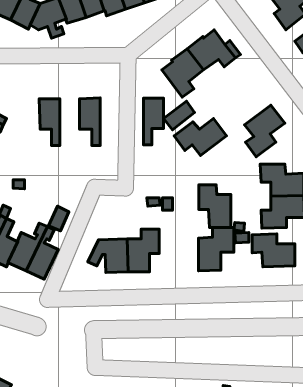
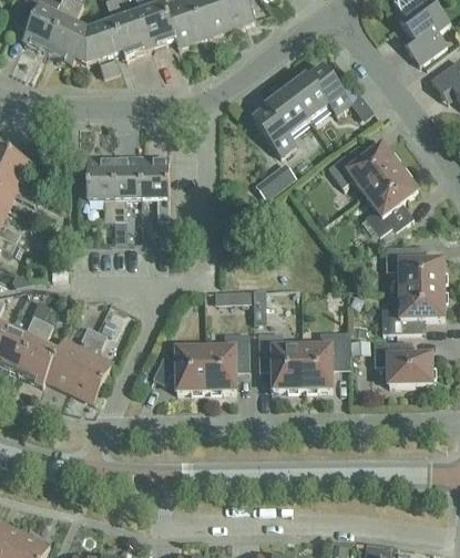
building: [144,98,163,145] -> [115,157,142,220]
building: [174,119,227,156] -> [329,143,400,193]
building: [199,185,231,227] -> [259,332,303,390]

